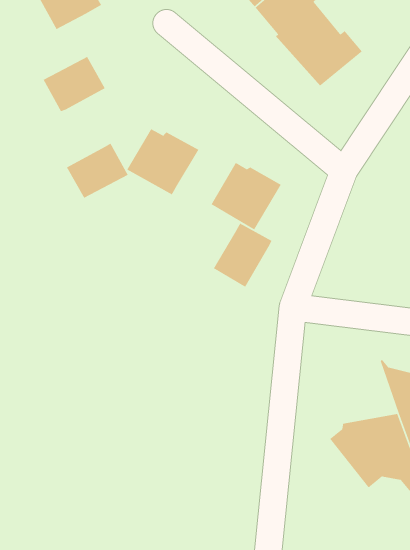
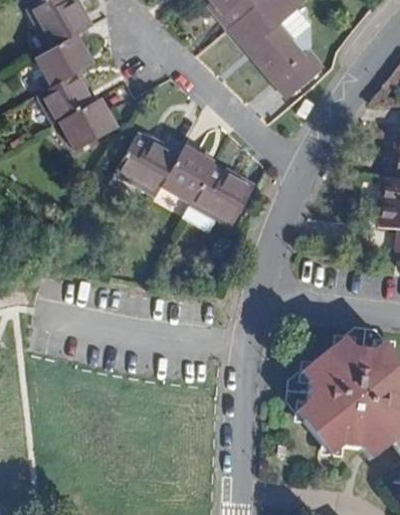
building: none -> [37,32,93,83]
building: [66,142,129,199] -> [60,96,117,146]
building: [213,222,273,288] -> [160,144,213,202]
building: none -> [298,342,356,397]

